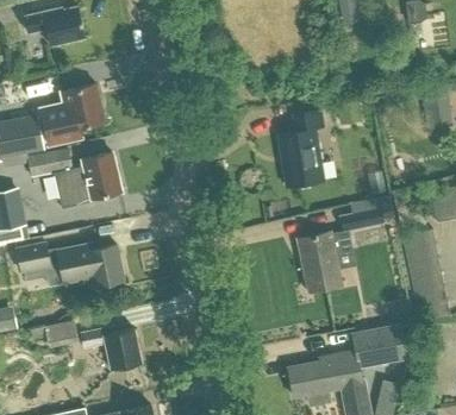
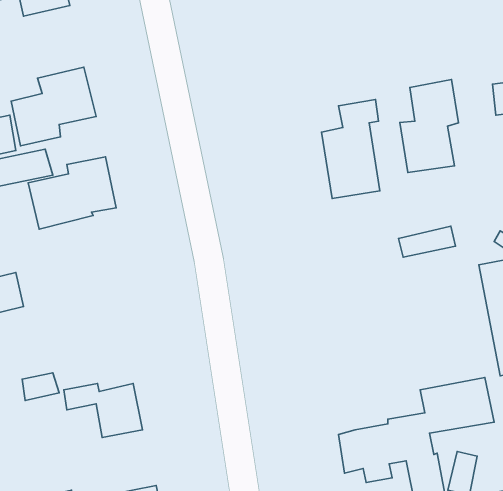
building: none -> [400,80,458,173]
building: [299,231,346,291] -> none
building: [56,244,123,287] -> none

